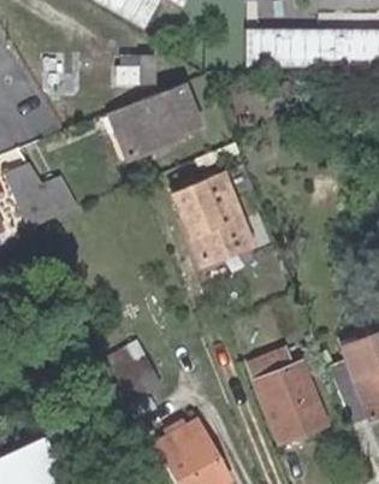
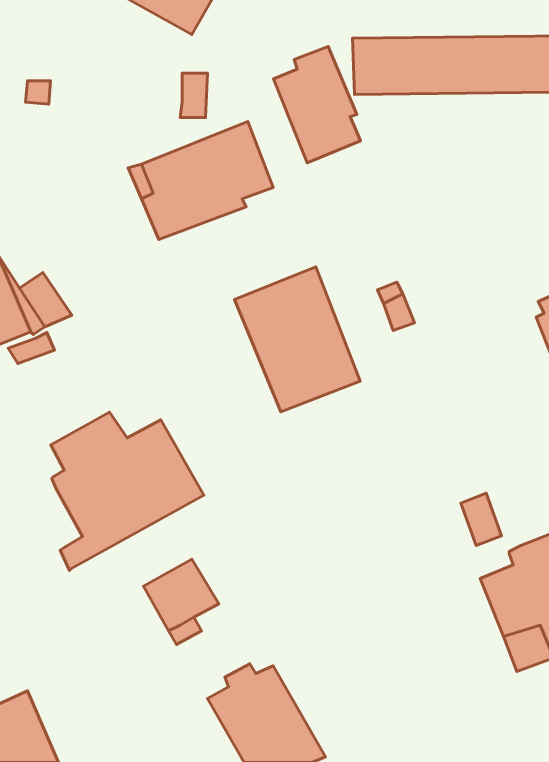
building: none -> [273,47,360,163]
building: none -> [51,412,204,570]
building: [249,348,326,441] -> none

